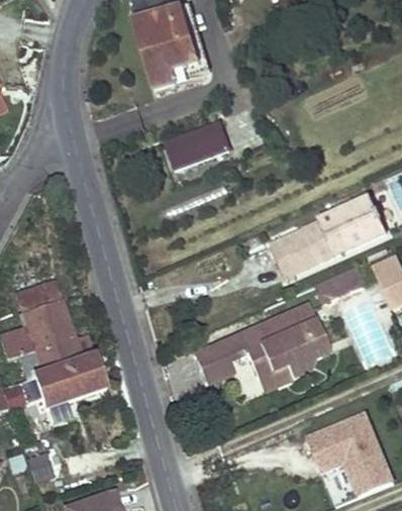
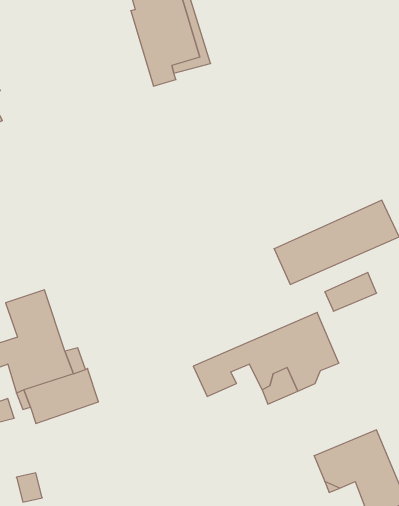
building: [164,120,228,169] -> none

